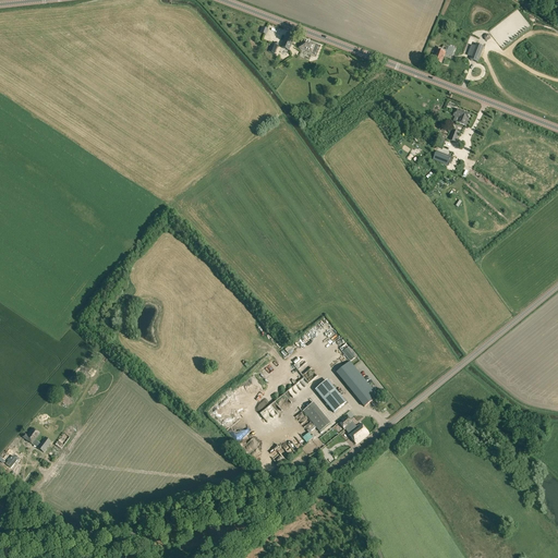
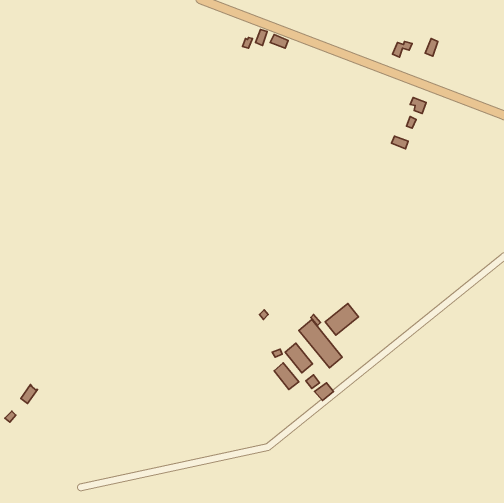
building: none -> [325,303,358,335]

